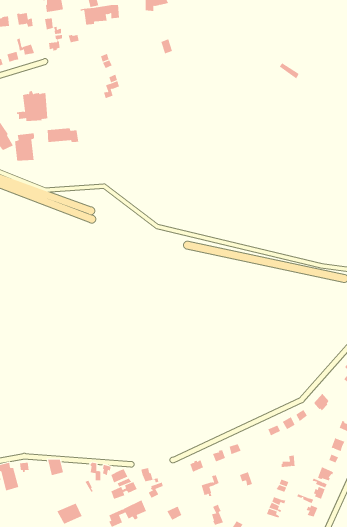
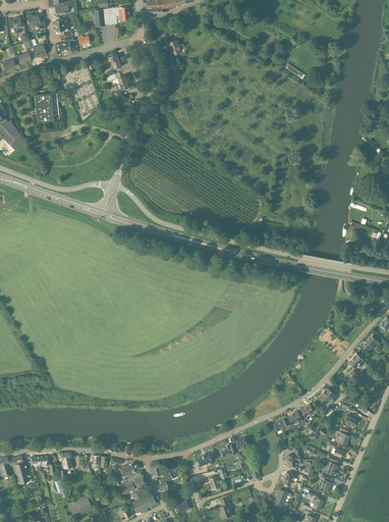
building: [47,128,79,143] -> none
building: [14,132,35,162] -> none

